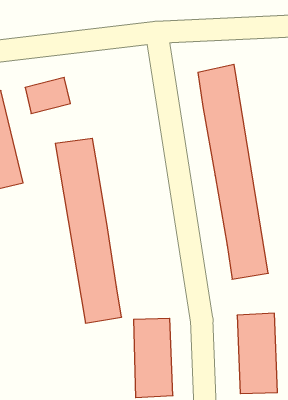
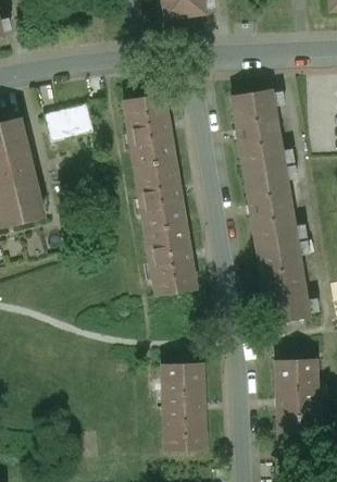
building: [55,138,122,323] -> [124,94,196,294]

